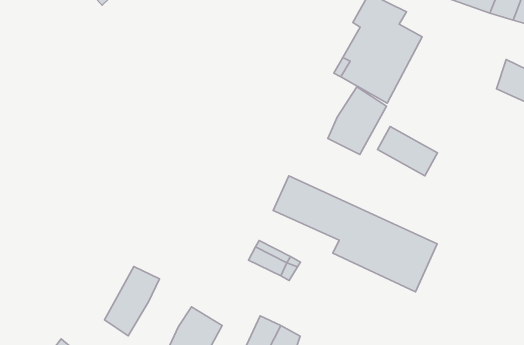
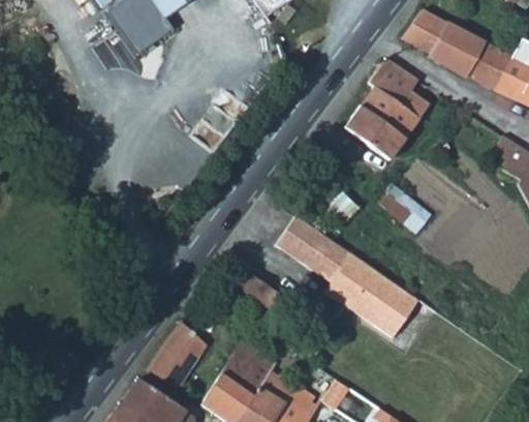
building: [328,87,387,155] -> none
building: [105,267,159,336] -> none

